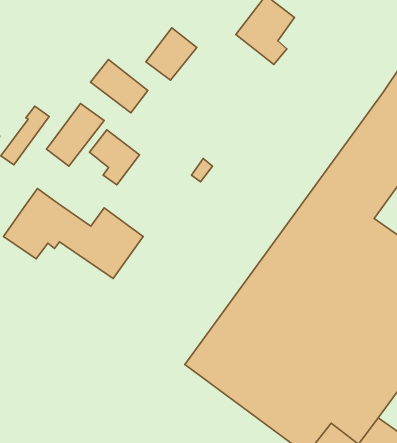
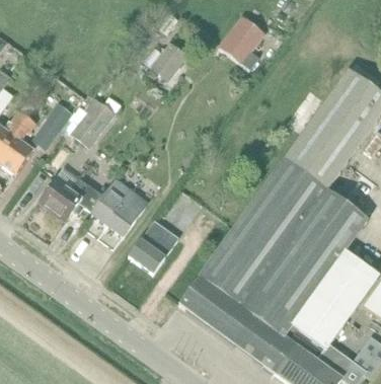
building: [90,60,148,113] -> none
building: [90,130,139,185] -> none
building: none -> [128,219,179,275]

